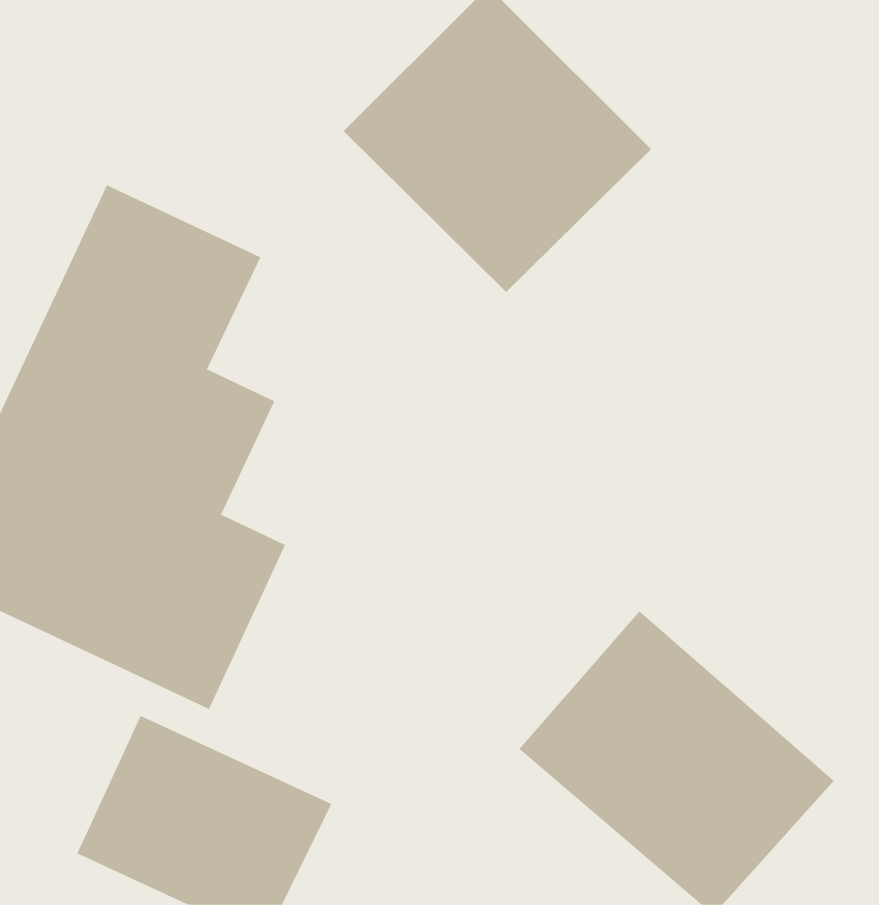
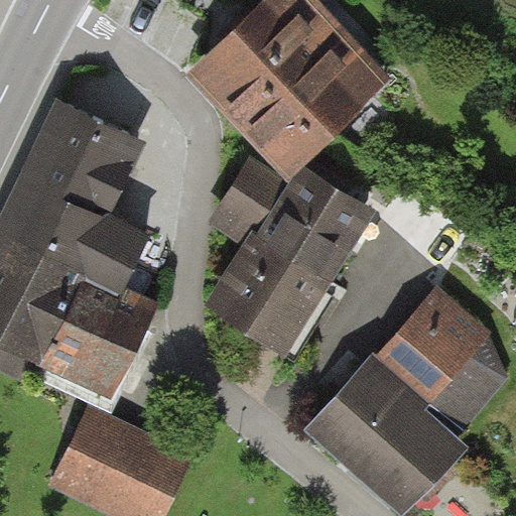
building: none -> [205,156,381,356]
building: none -> [363,276,495,408]

